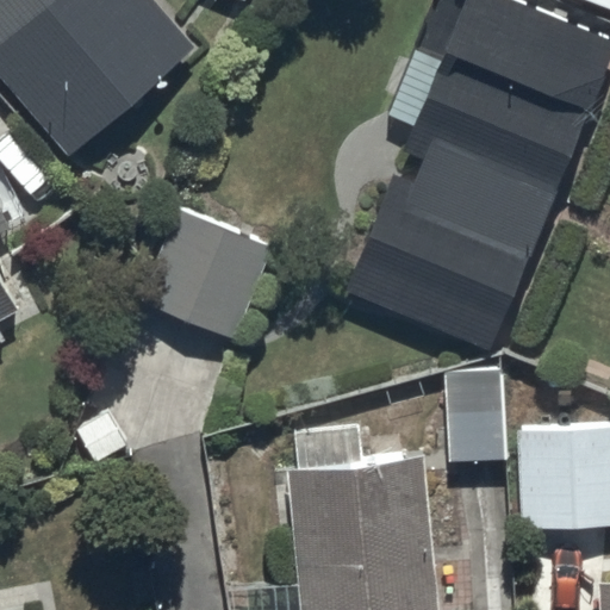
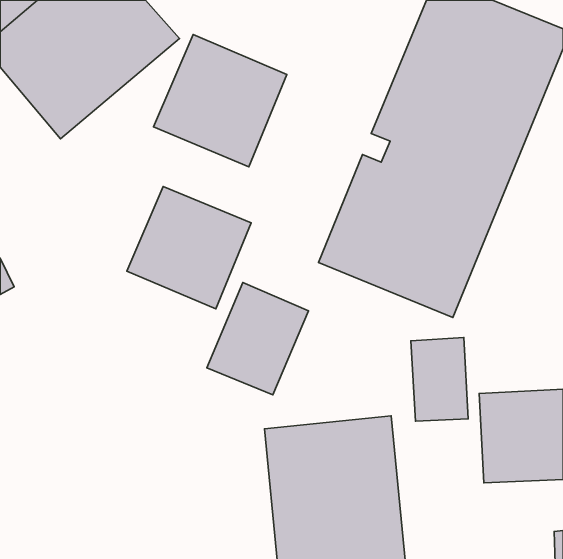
building: none -> [154,34,287,167]
building: none -> [207,282,308,395]

